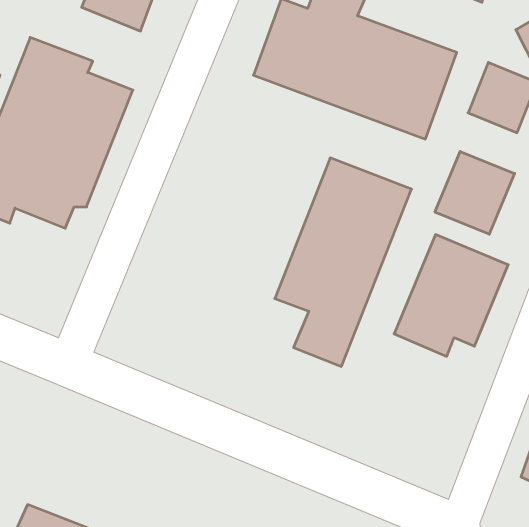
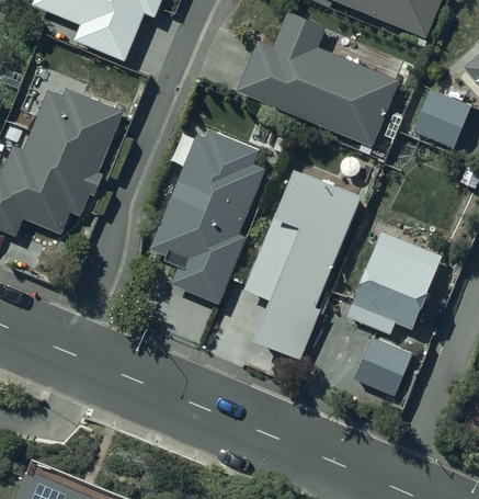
building: none -> [152,128,266,303]
building: [435,151,515,234] -> none
building: none -> [356,343,414,401]

